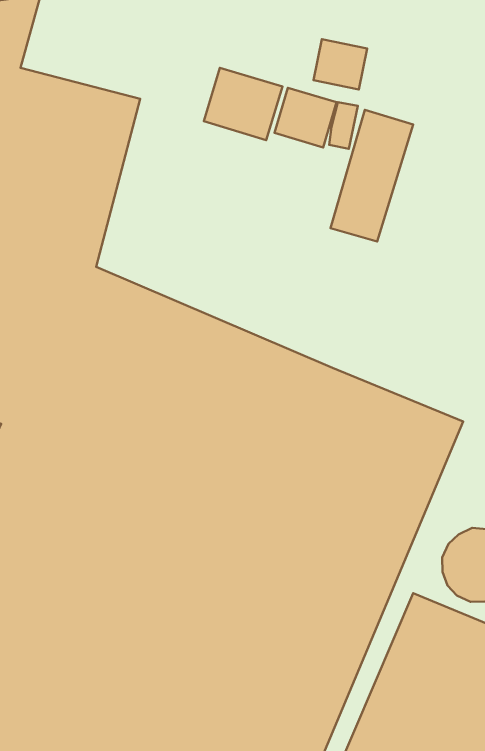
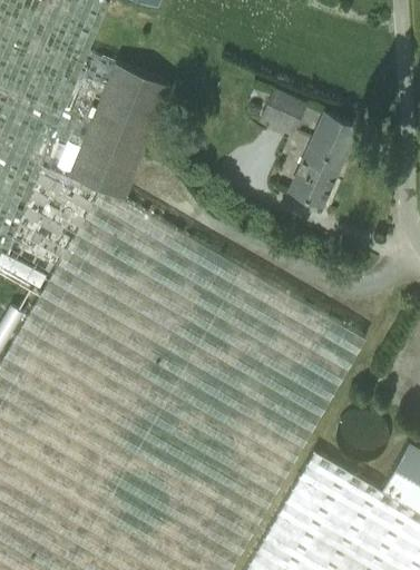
building: [313,39,367,89] -> none
building: [204,68,282,140] -> none

